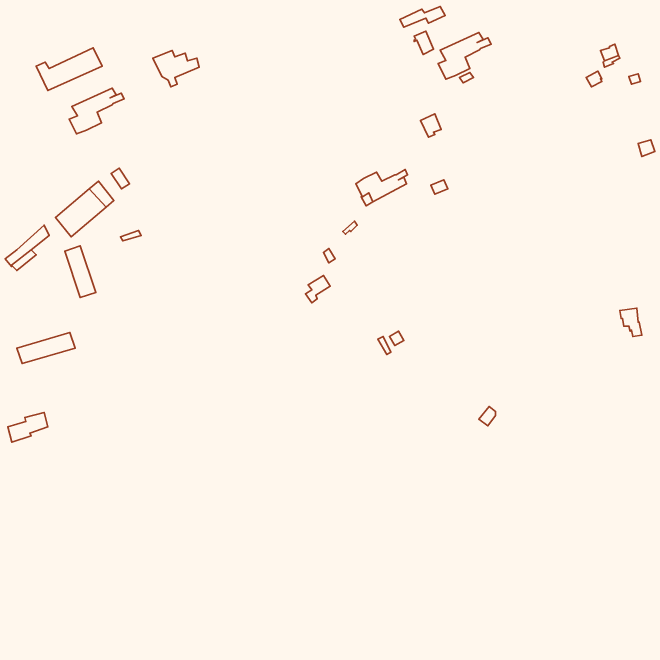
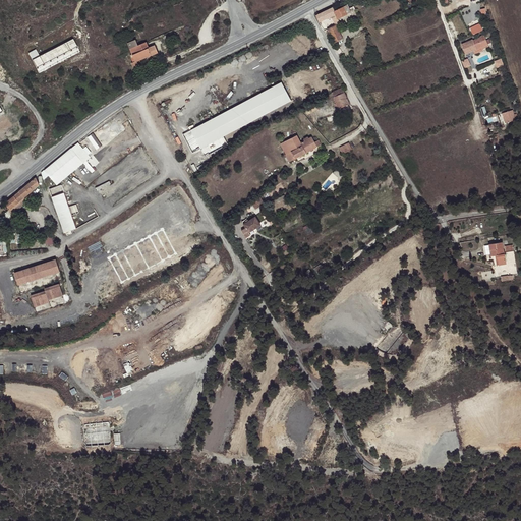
building: [438,32,491,79] -> none
building: [69,88,124,134] -> none
building: none -> [189,82,290,146]
building: [8,412,48,442] -> [31,286,62,309]

